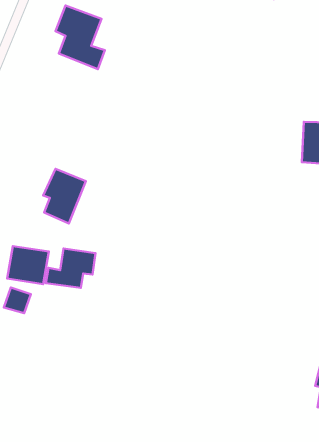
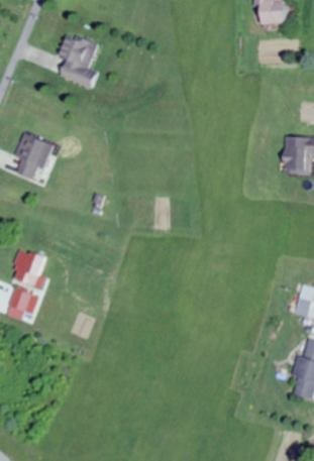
building: [43,169,86,224] -> [15,132,54,182]
building: [46,248,95,288] -> none

